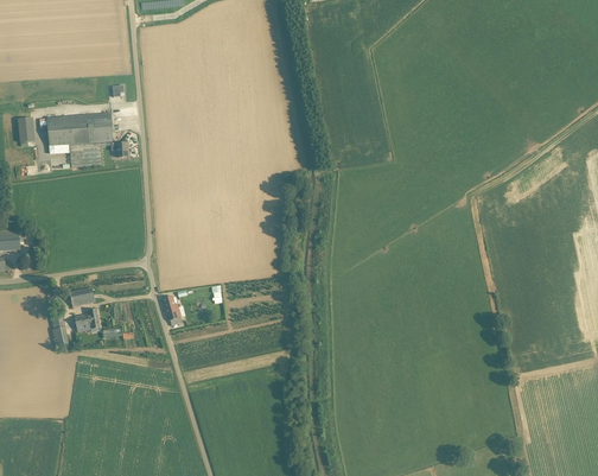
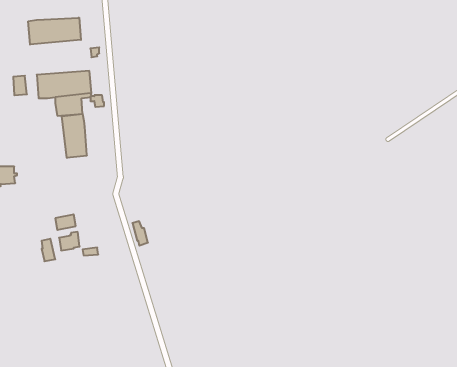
building: none -> [28,18,81,45]
building: none -> [62,114,87,158]

